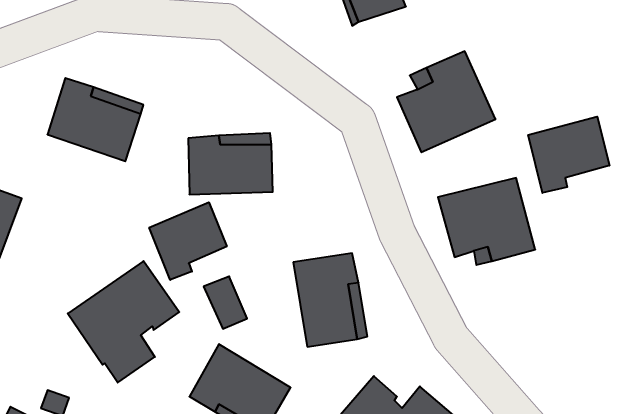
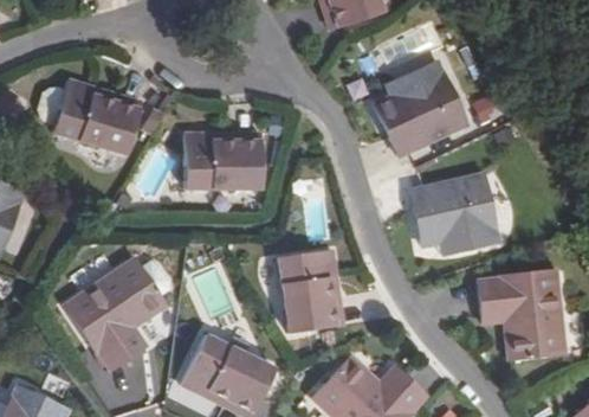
building: [528,117,609,193] -> none
building: [149,202,227,280] -> none
building: none -> [480,271,568,363]

